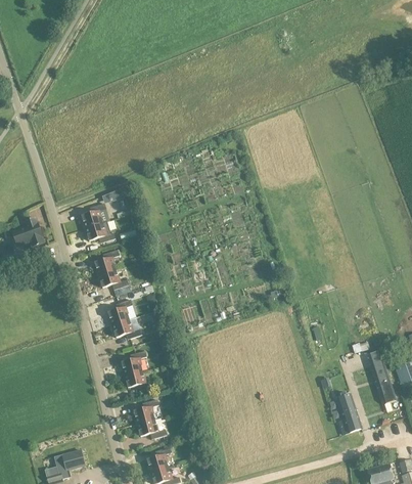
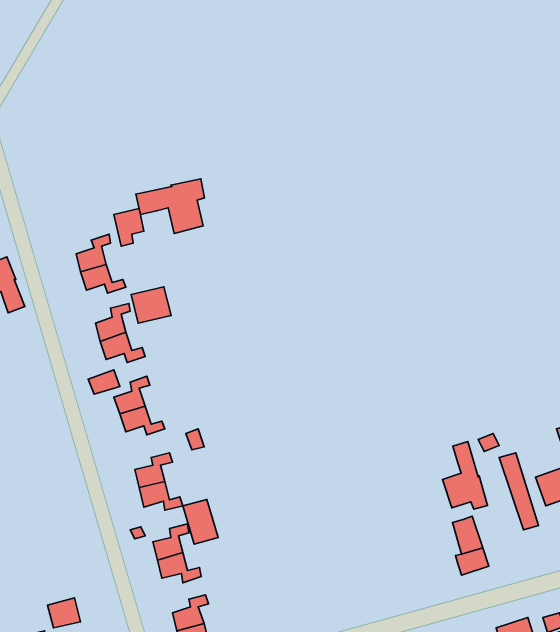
building: none -> [136,179,204,233]
building: none -> [131,287,171,323]
building: none -> [442,441,488,509]
building: none -> [183,499,218,544]

